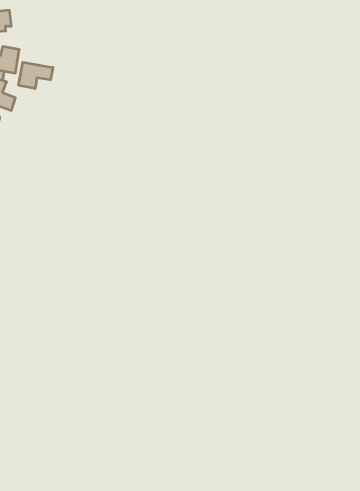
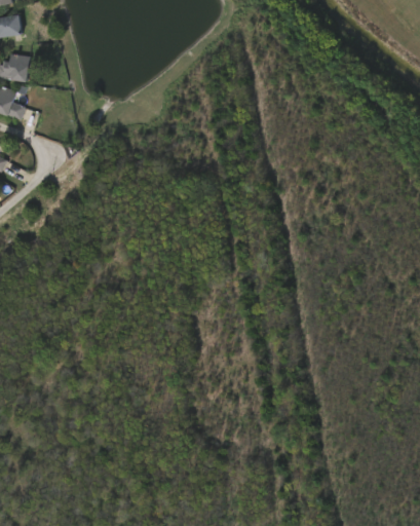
building: [19,62,53,89] -> none

